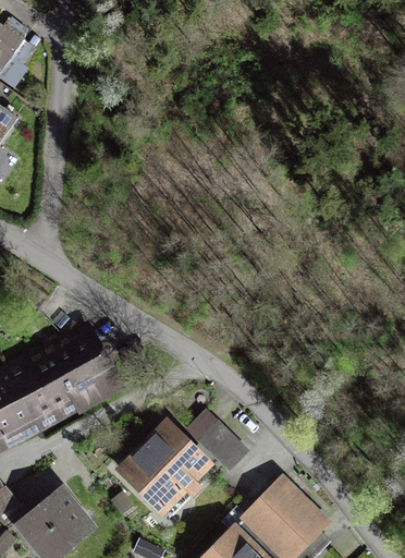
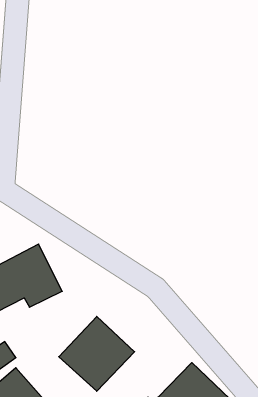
building: [198,421,244,464] -> none

